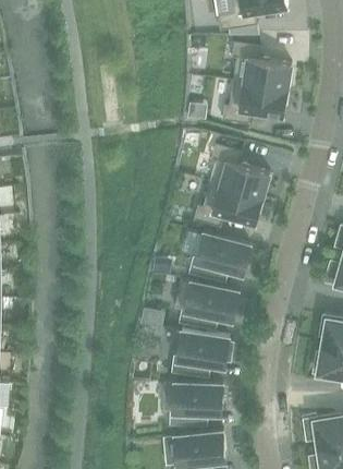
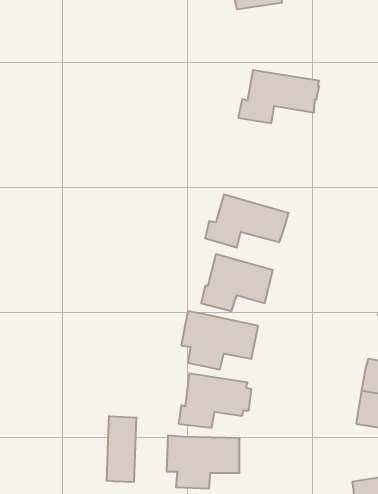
building: [231,41,291,89] -> none
building: [209,144,269,199] -> none
building: none -> [107,416,136,482]

